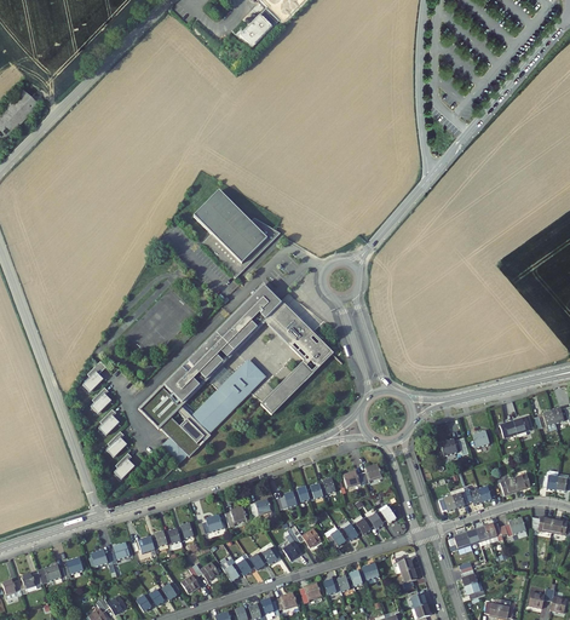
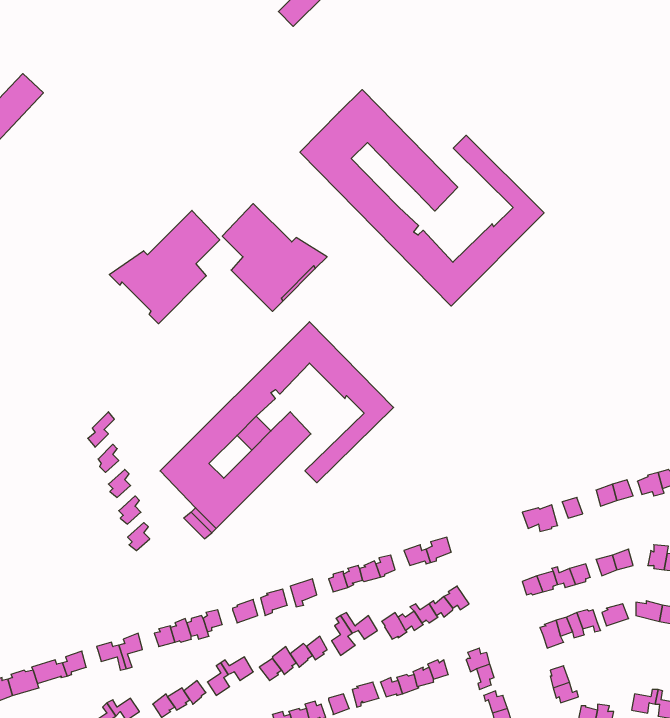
building: none -> [300,90,544,306]
building: none -> [109,210,220,324]

